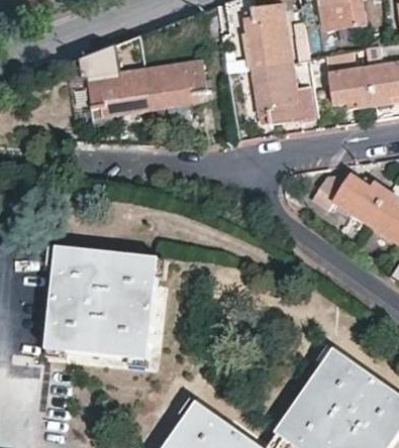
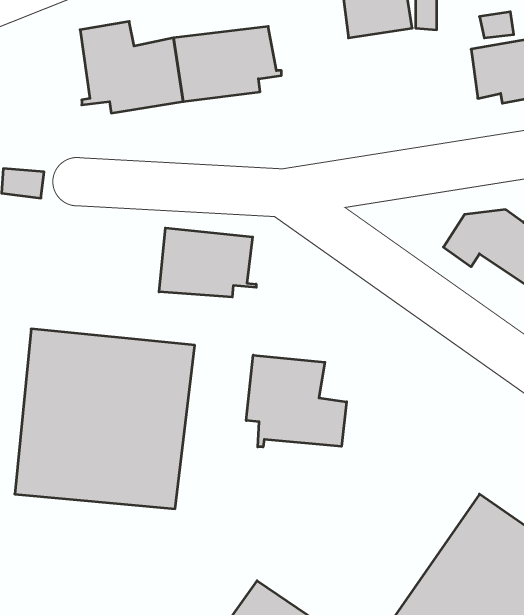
building: [253,62,313,127] -> none
building: none -> [159,228,256,297]
building: none -> [246,355,347,447]

